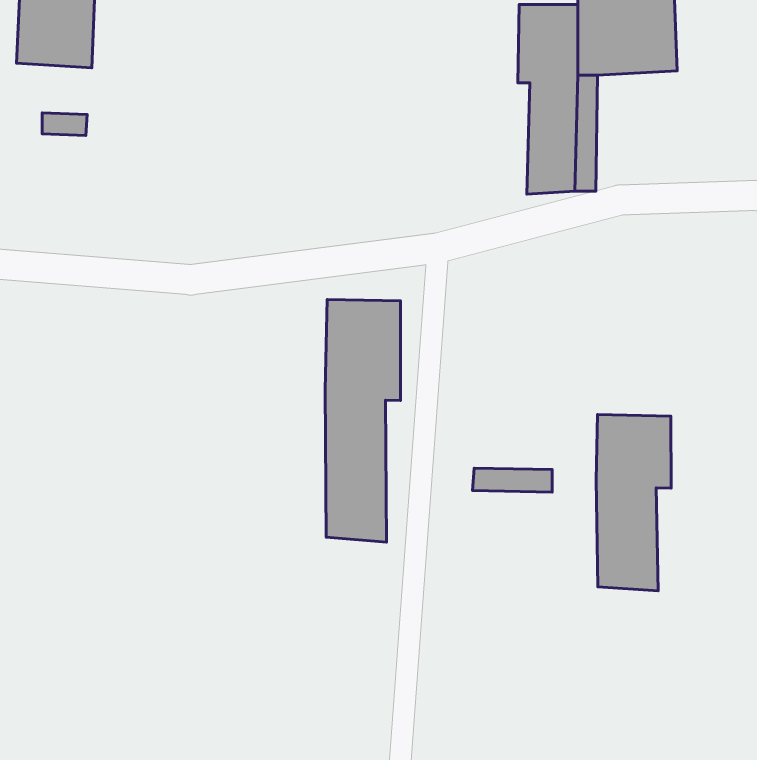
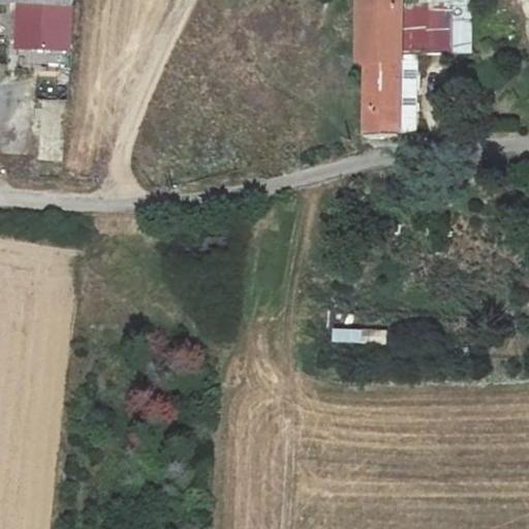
building: [325,300,401,542] -> none
building: [596,415,671,591] -> none

